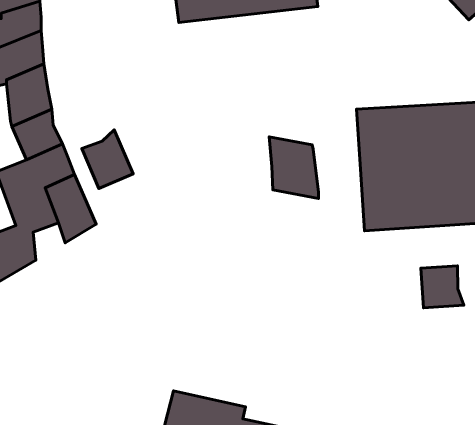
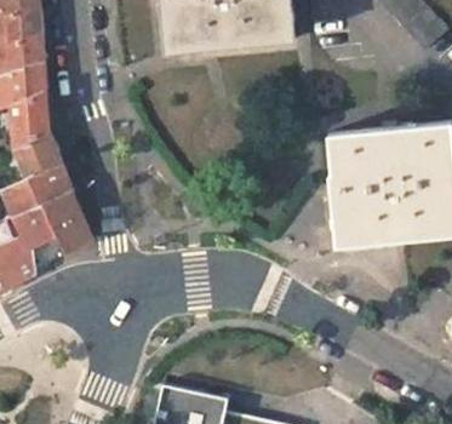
building: [82,130,133,189] -> none
building: [269,137,319,199] -> none
building: [421,266,464,308] -> none

